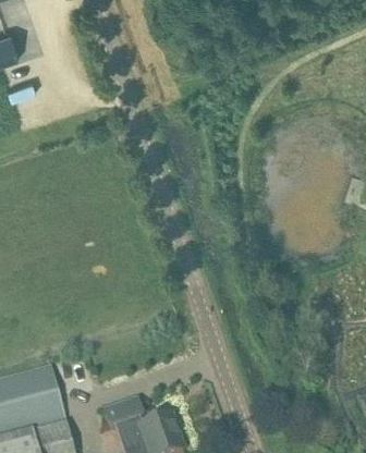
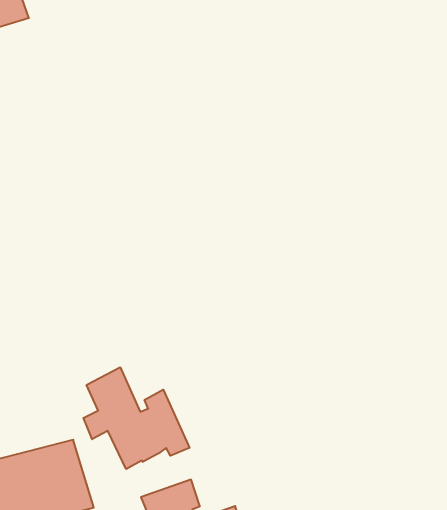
building: none -> [83,367,189,469]

